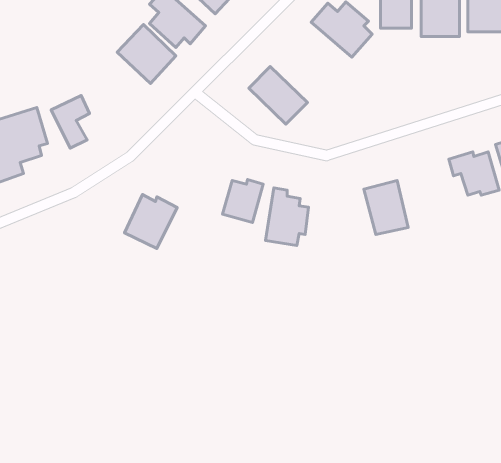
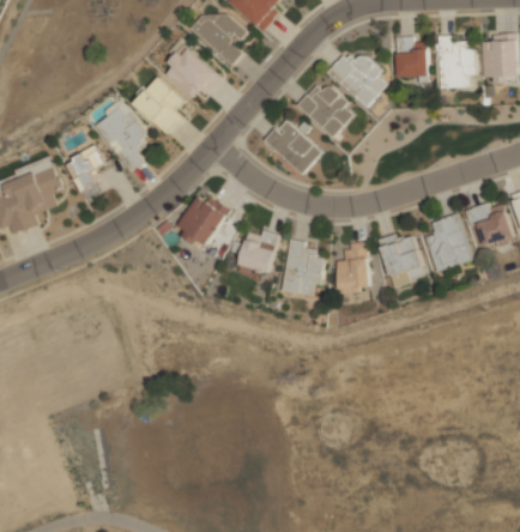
building: none -> [297,85,356,139]
building: none -> [95,104,147,173]
building: none -> [424,214,472,272]
building: none -> [337,244,369,295]
building: [124,194,177,248] -> [176,195,229,249]

